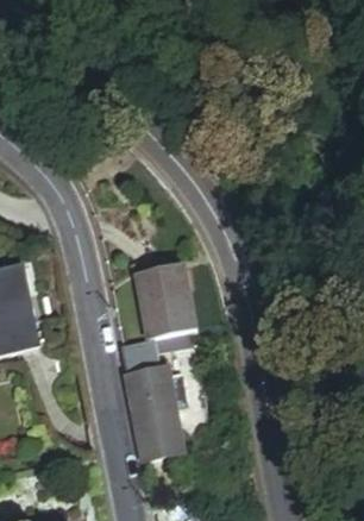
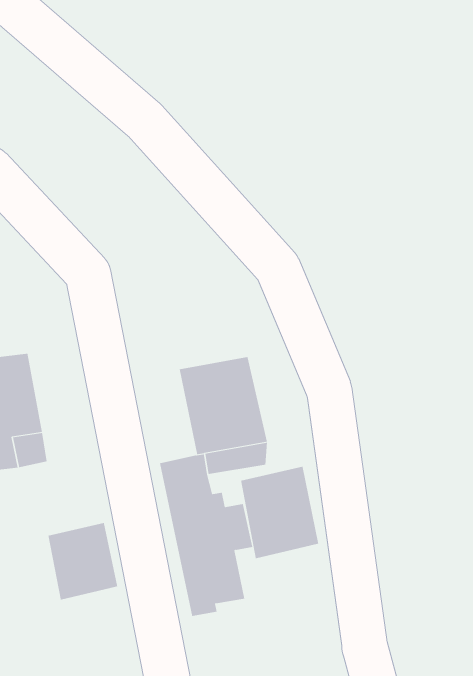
building: none -> [240,466,319,559]
building: none -> [48,522,118,600]

